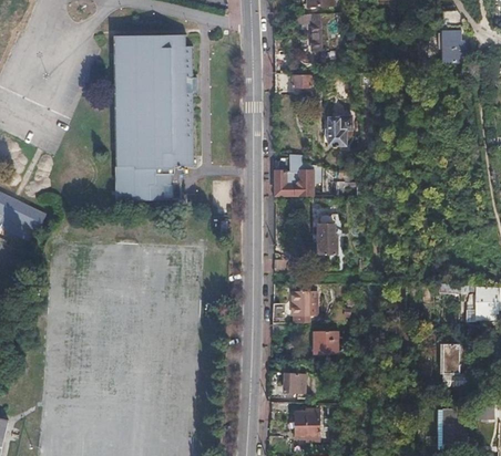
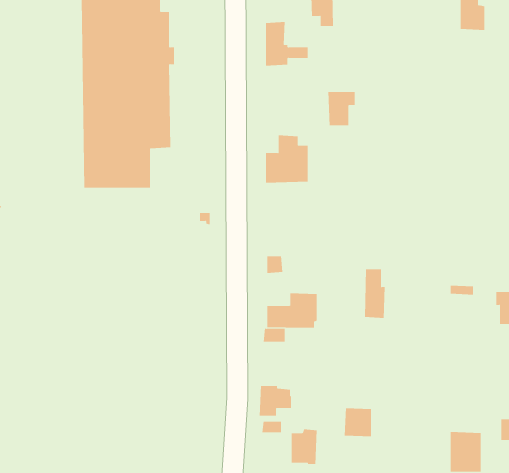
building: [319,211,338,255] -> [364,269,386,318]
building: [314,331,338,356] -> [344,408,372,437]
building: [438,343,460,385] -> none

